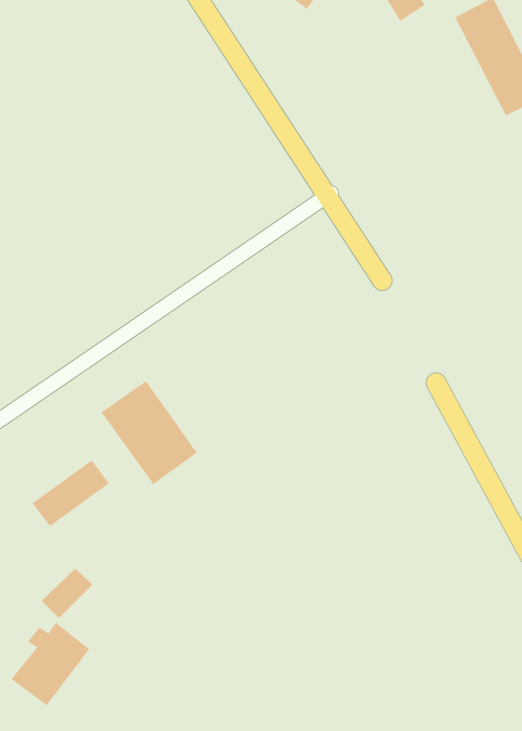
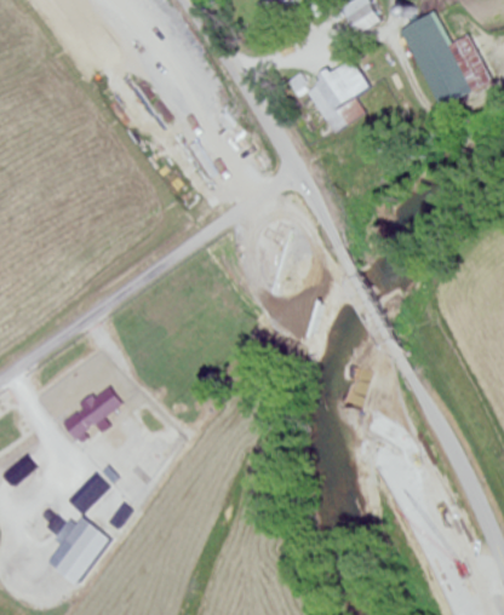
building: none -> [305,56,370,132]
building: [101,380,198,485] -> none

